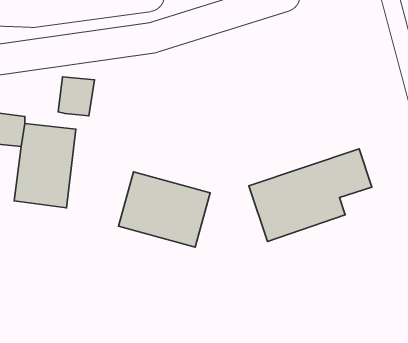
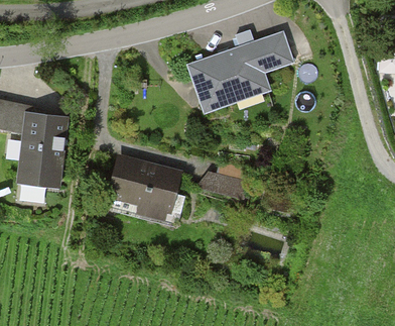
building: [58,77,94,116] -> none
building: [249,149,372,241] -> [187,32,294,113]

